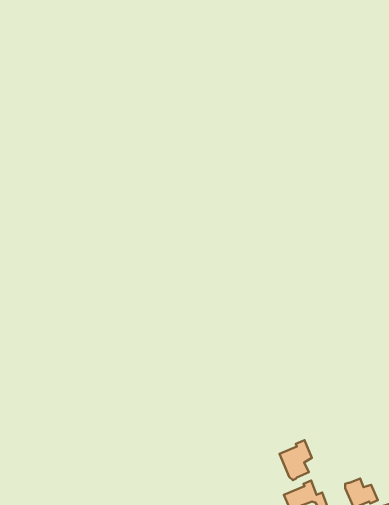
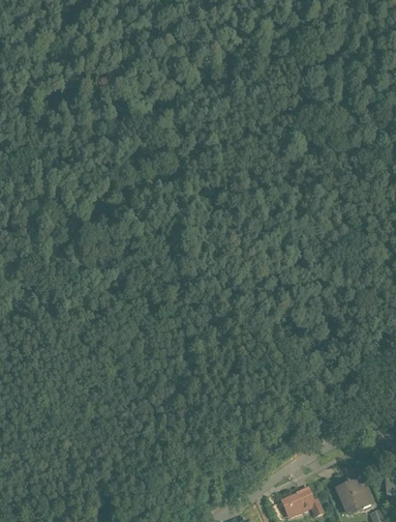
building: [280,440,312,480] -> none

